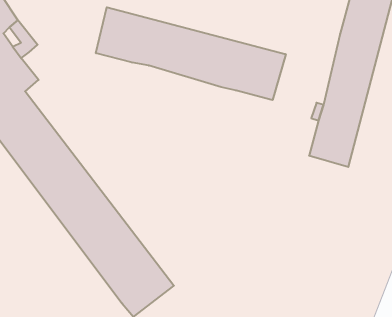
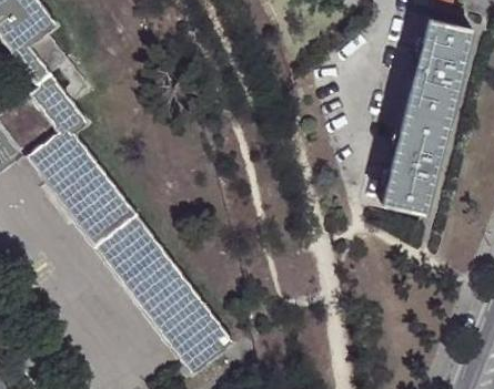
building: [96,7,286,100] -> none

